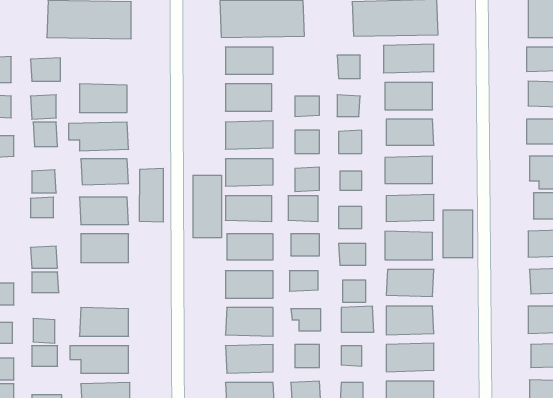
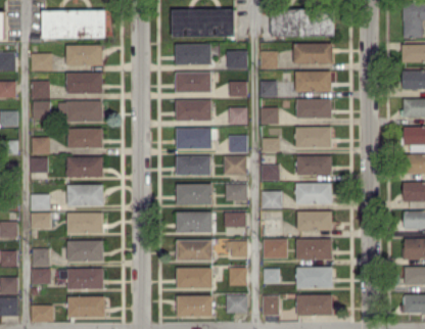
building: none -> [66,45,102,66]
building: none -> [226,51,247,69]
building: [140,168,163,222] -> none
building: [193,175,221,238] -> none
building: [443,210,473,258] -> none
building: none -> [66,213,103,234]

